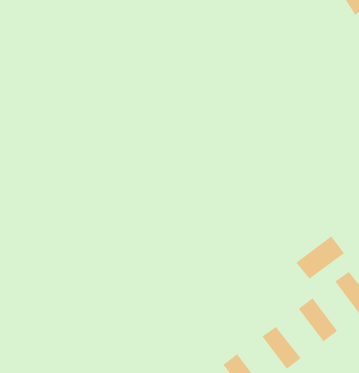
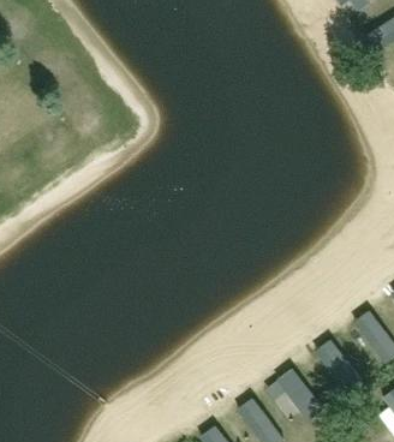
building: [295,235,345,279] -> none

